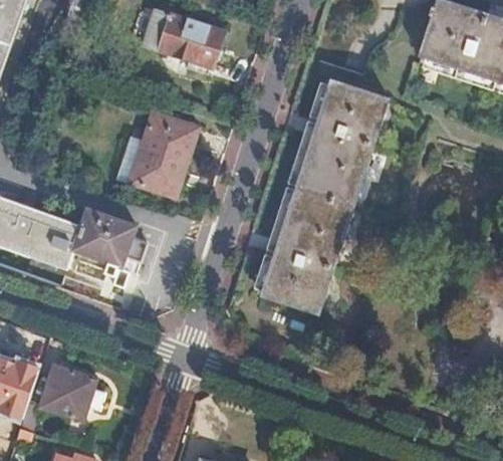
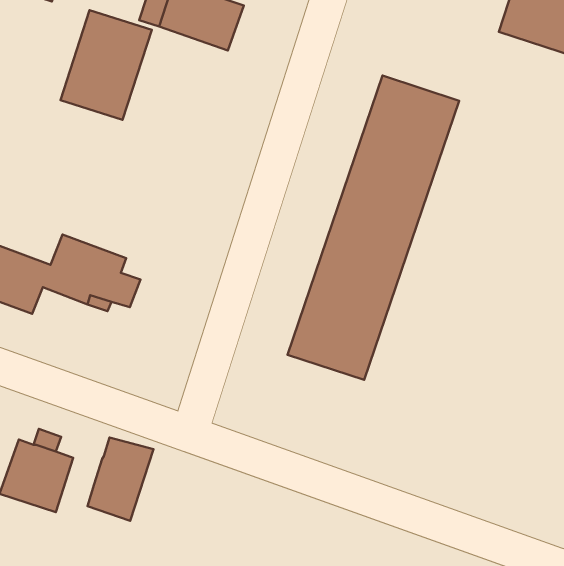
building: [129,111,198,195] -> [60,10,152,120]
building: none -> [88,437,154,521]

